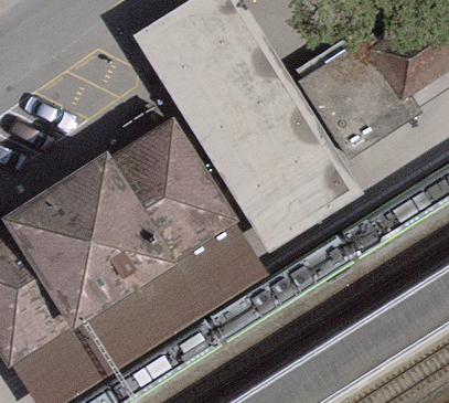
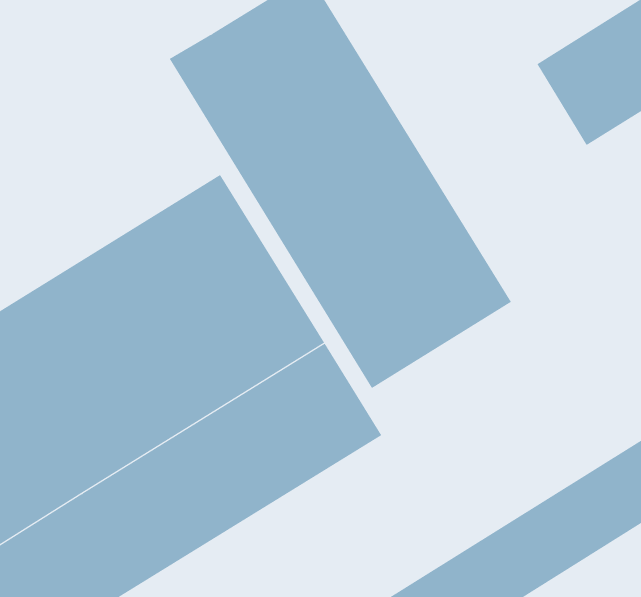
building: [298,39,405,150] -> none

